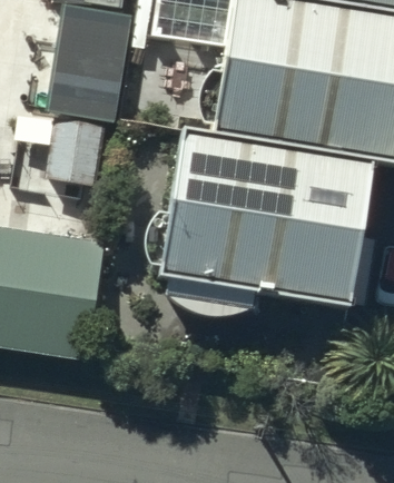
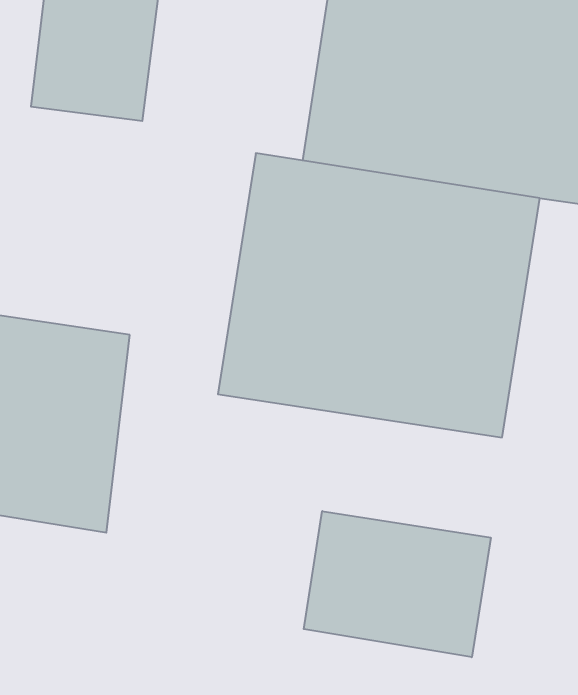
building: none -> [304,511,491,657]

